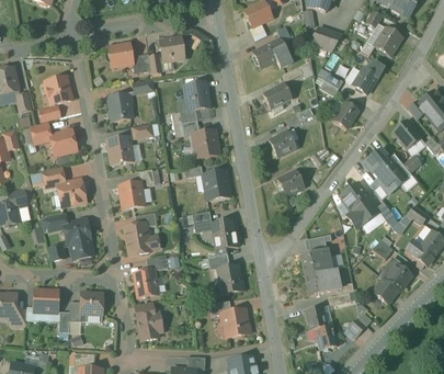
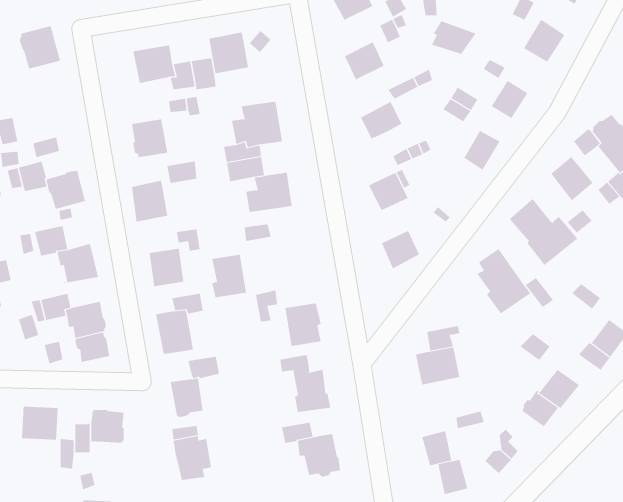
building: [44,75,72,104] -> [19,25,61,69]
building: [205,169,229,199] -> [211,254,247,298]
building: [305,268,339,294] -> none

